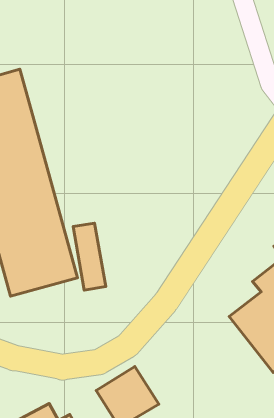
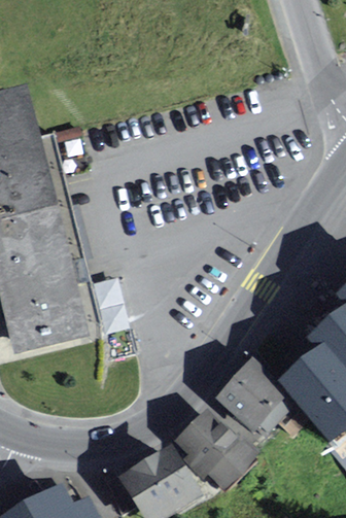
building: none -> [217,359,288,430]
building: none -> [174,409,256,490]

